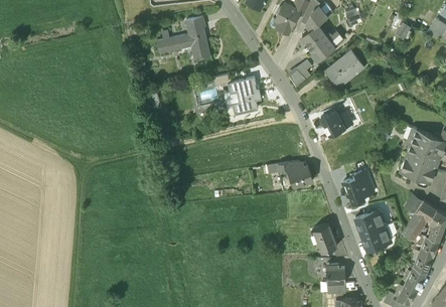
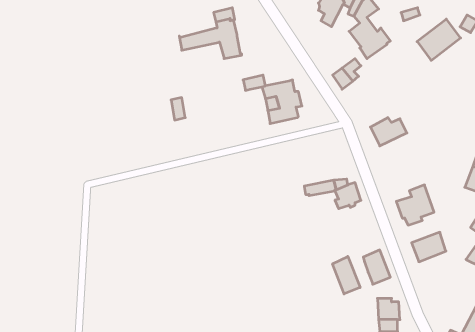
building: [326,52,363,88] -> [417,19,461,60]
building: [361,224,391,250] -> none
building: none -> [333,256,360,294]

